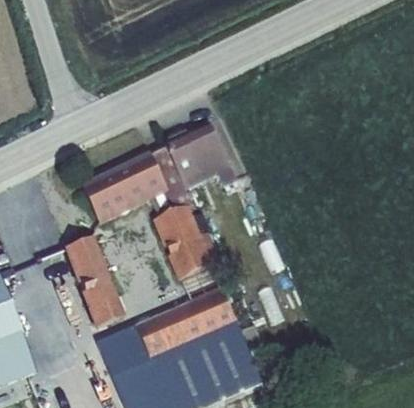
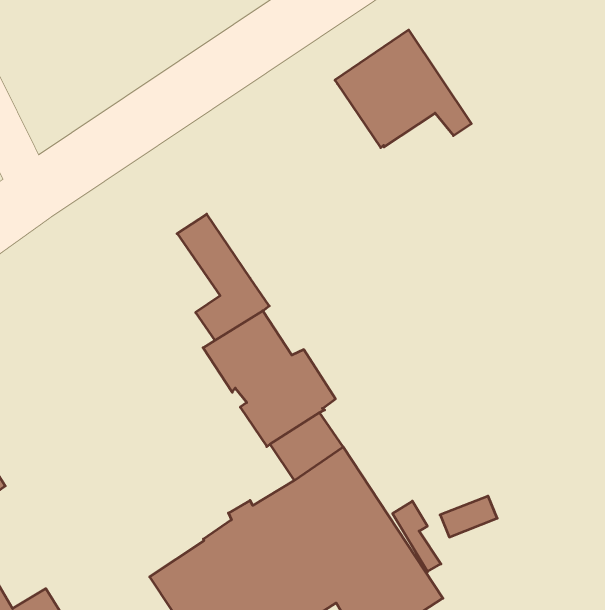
building: [166,124,237,186] -> [335,30,471,148]
building: [83,155,167,224] -> none
building: [62,233,124,326] -> none

